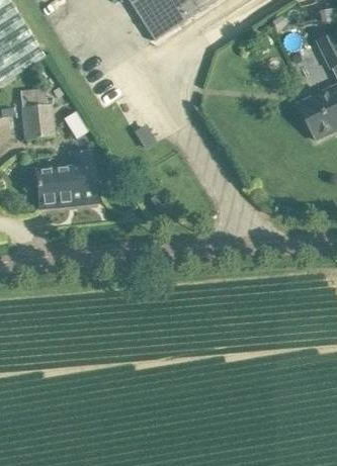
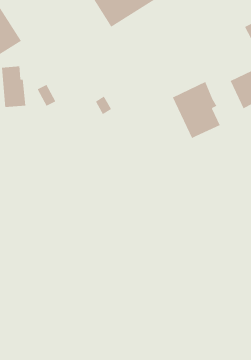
building: none -> [172,81,221,139]
building: [33,149,95,207] -> none

